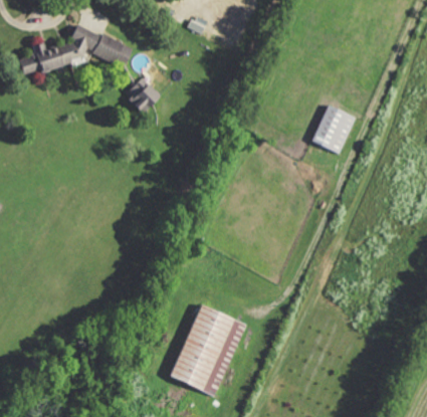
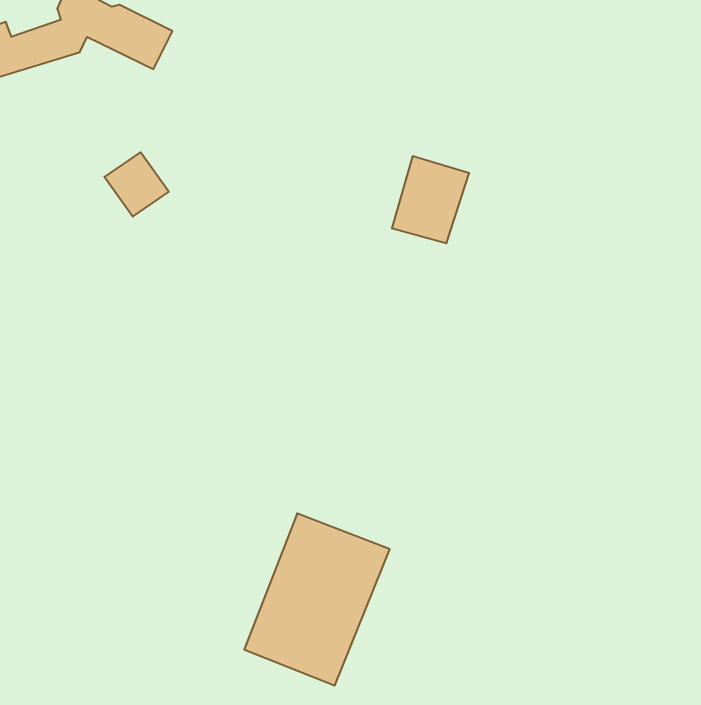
building: [125,77,159,112] -> [104,152,169,217]
building: [313,107,355,153] -> [392,156,469,243]

